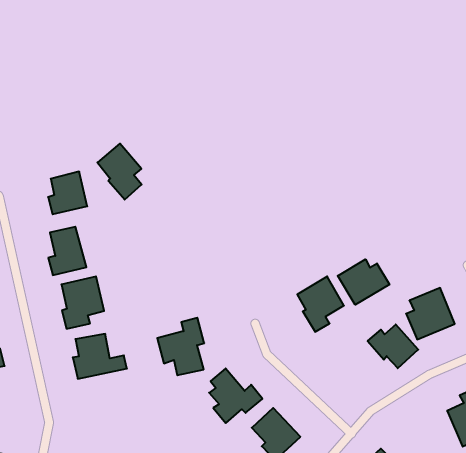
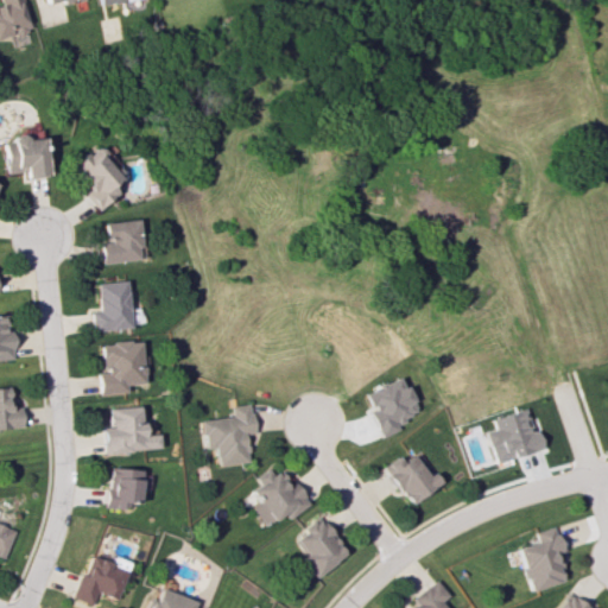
building: [97,144,142,200] -> [76,146,125,210]
building: [338,259,389,305] -> none
building: [368,324,418,368] -> [385,454,441,504]
building: none -> [110,468,146,509]

